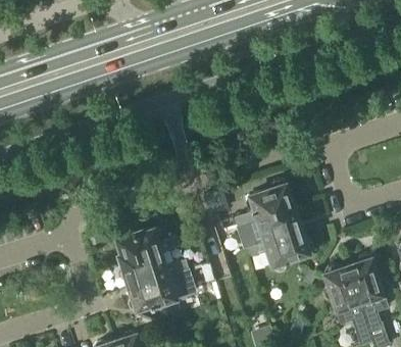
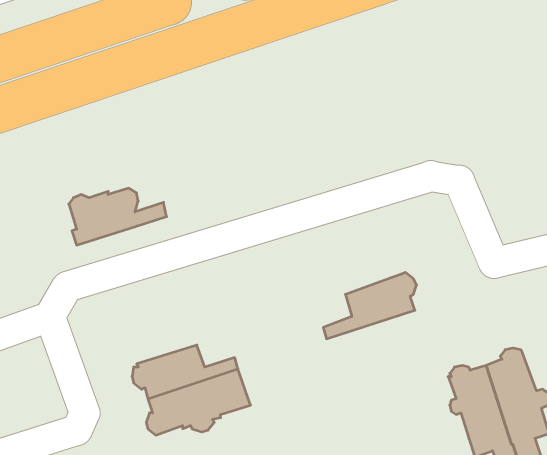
building: [234,180,293,227] -> none
building: [116,229,180,265] -> [69,188,167,245]
building: [244,231,312,272] -> none

